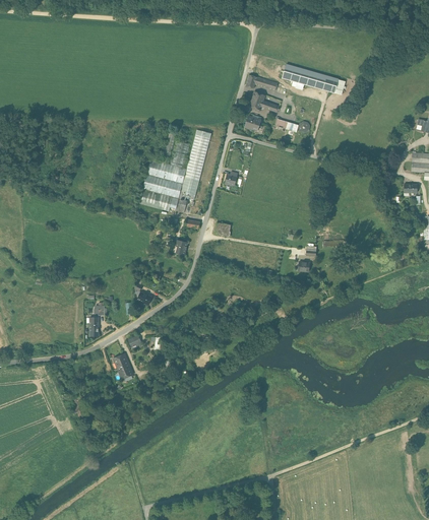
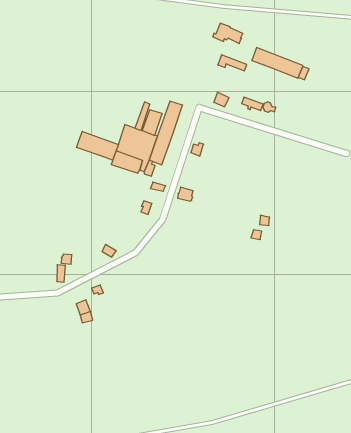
building: [247,91,280,112] -> [213,23,243,44]
building: none -> [77,131,118,160]

